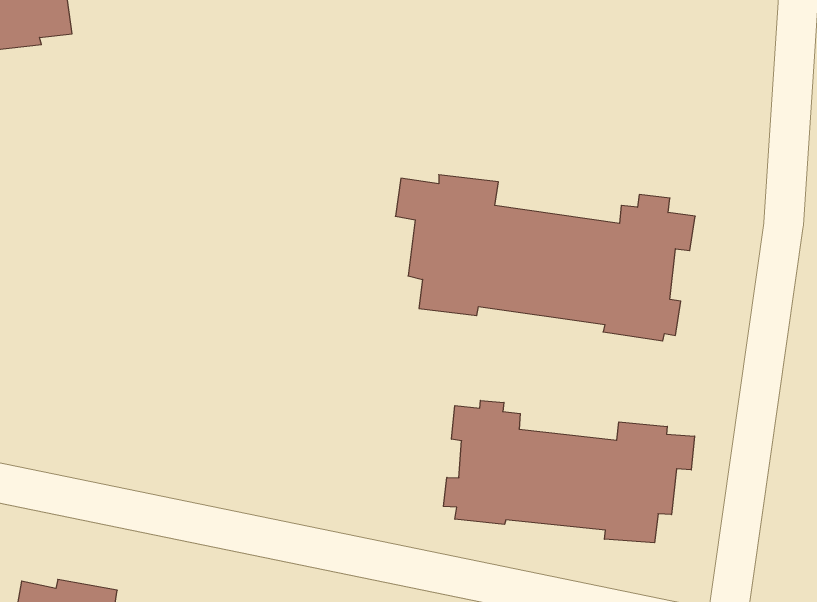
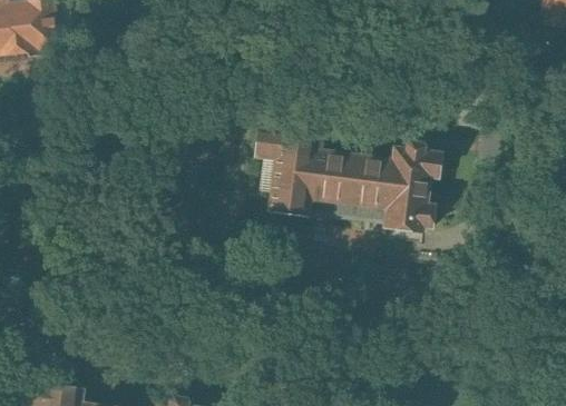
building: [443,400,695,543] -> none

